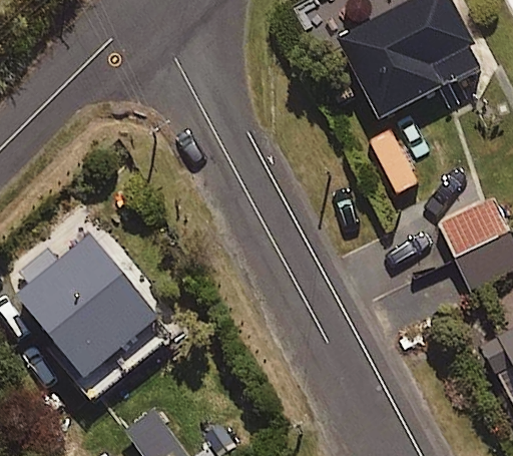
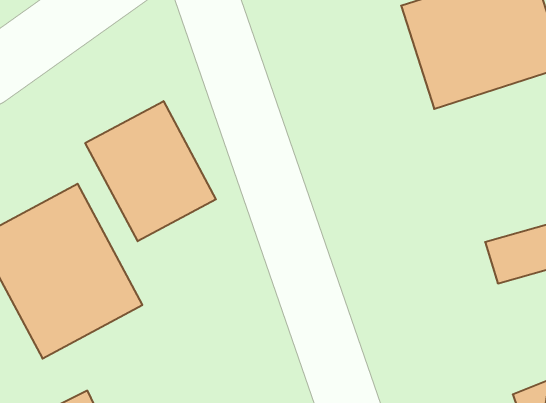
building: none -> [85,101,216,241]

